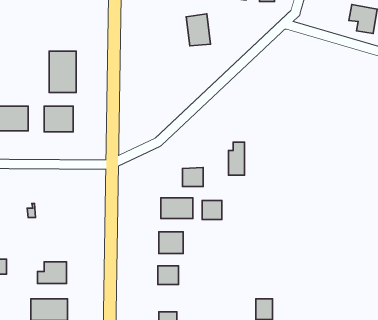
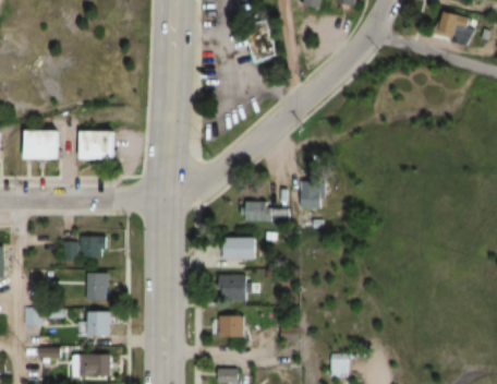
building: [49,51,76,92] -> none
building: none -> [84,236,110,252]
building: [202,201,222,219] -> none
building: none -> [86,273,112,300]

